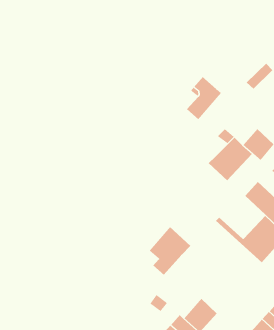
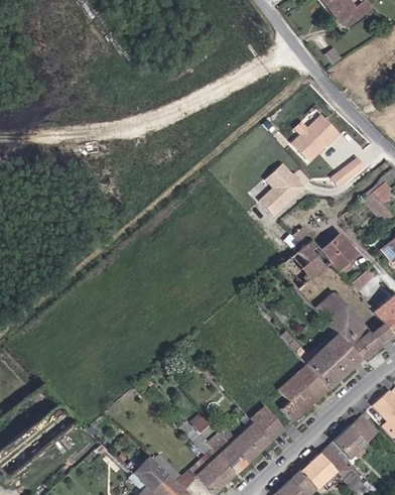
building: none -> [294,117,342,162]
building: [149,226,191,276] -> [278,364,327,420]
building: none -> [251,405,284,442]

